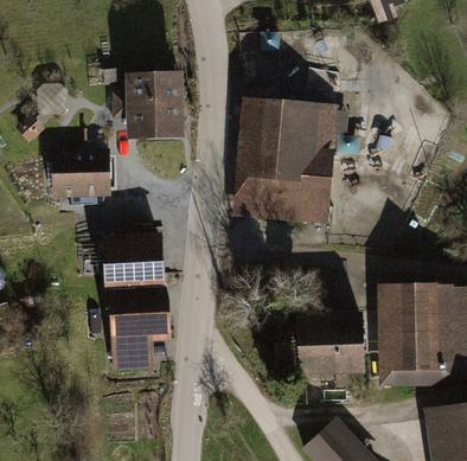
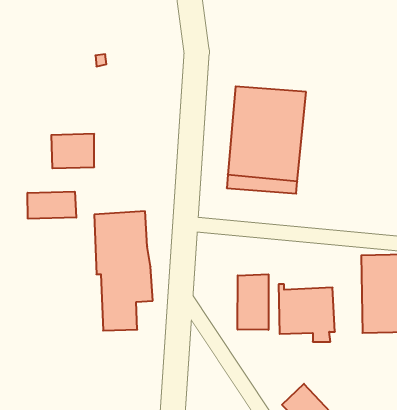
building: [116,68,178,135] -> none
building: none -> [28,192,76,219]
building: none -> [238,274,268,330]

